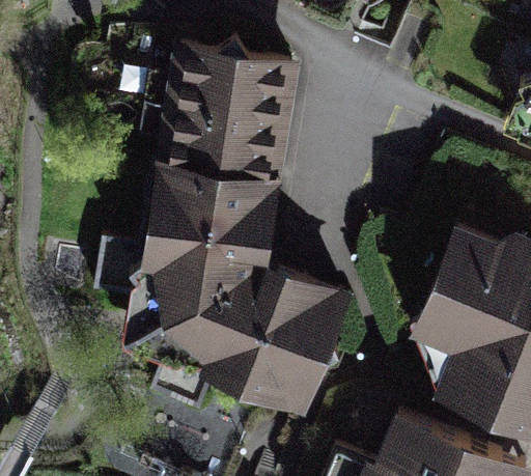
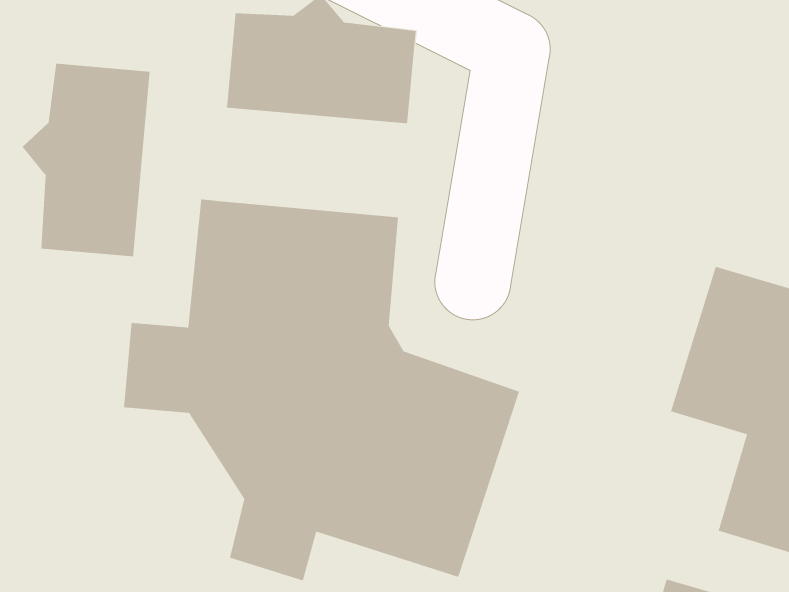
building: none -> [22,63,150,257]
building: [161,109,282,185] -> none

